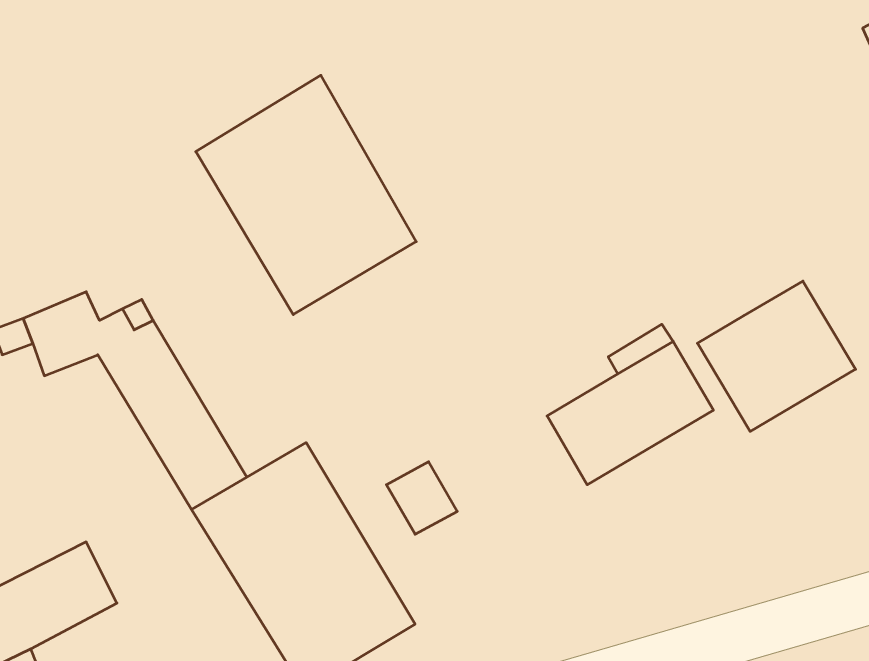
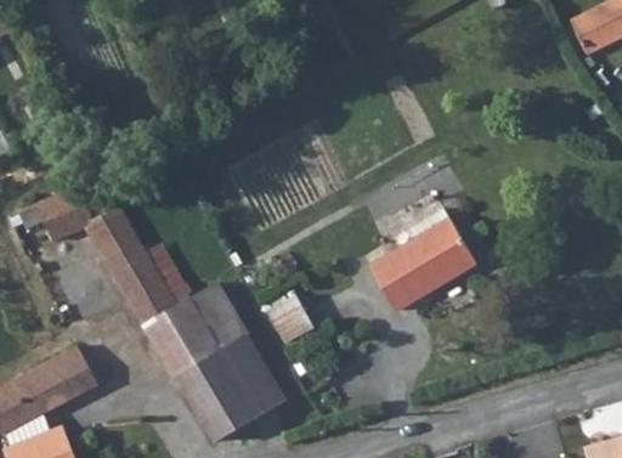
building: [196,75,416,315] -> none
building: [697,281,856,431] -> none

